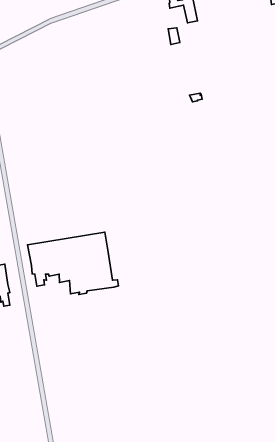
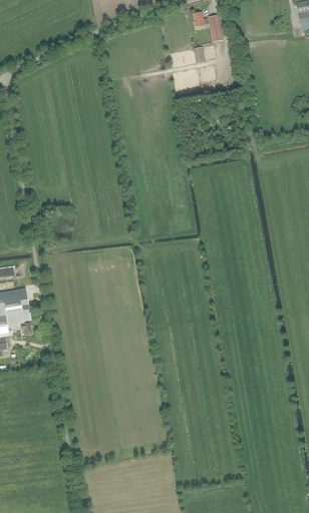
building: [28,232,119,294] -> none

